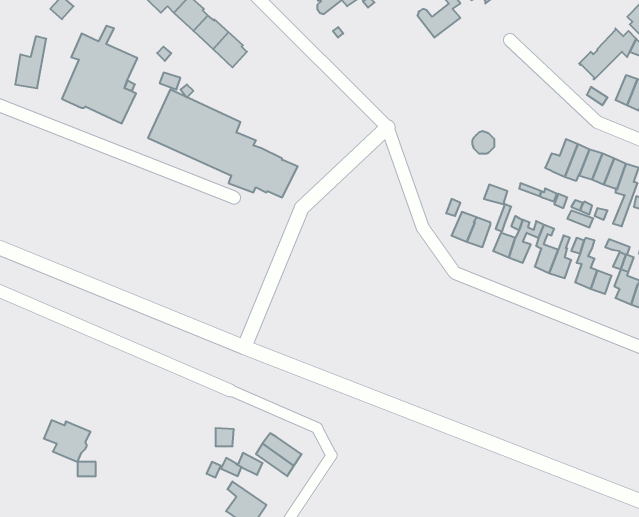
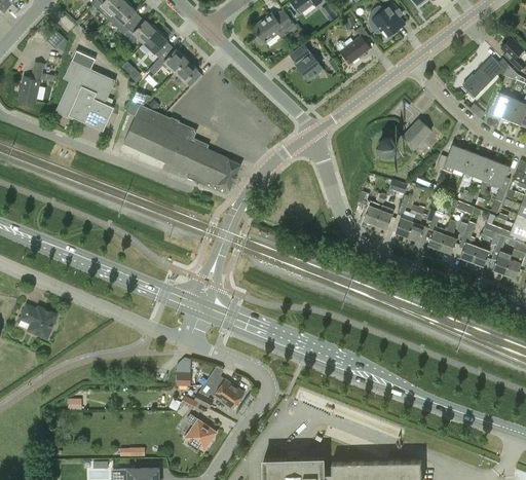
building: none -> [288,44,322,80]
building: none -> [402,119,430,152]
building: [44,420,91,462] -> [21,305,58,338]

